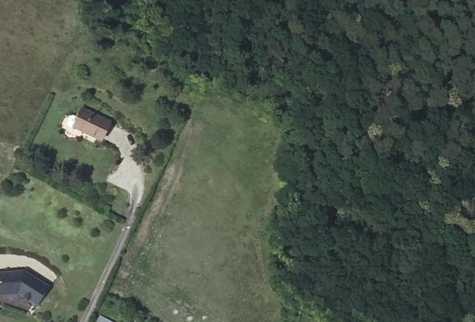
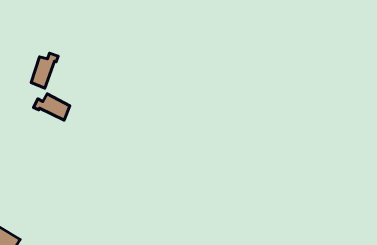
building: none -> [31,53,58,88]

